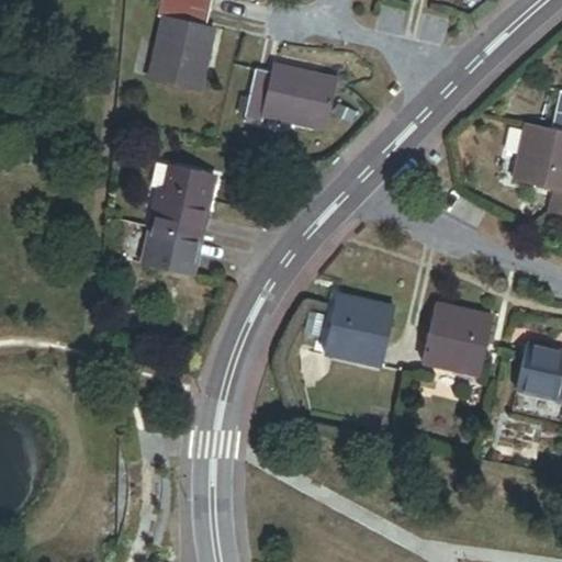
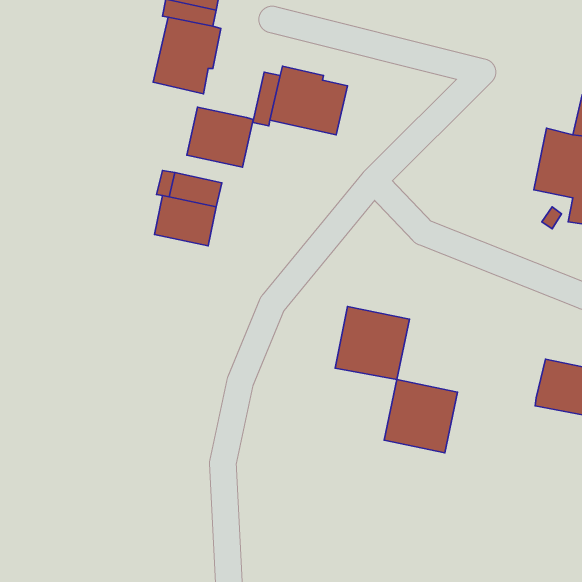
building: none -> [187,107,253,167]
building: [142,225,202,276] -> none
building: [423,304,493,374] -> [384,380,457,453]

